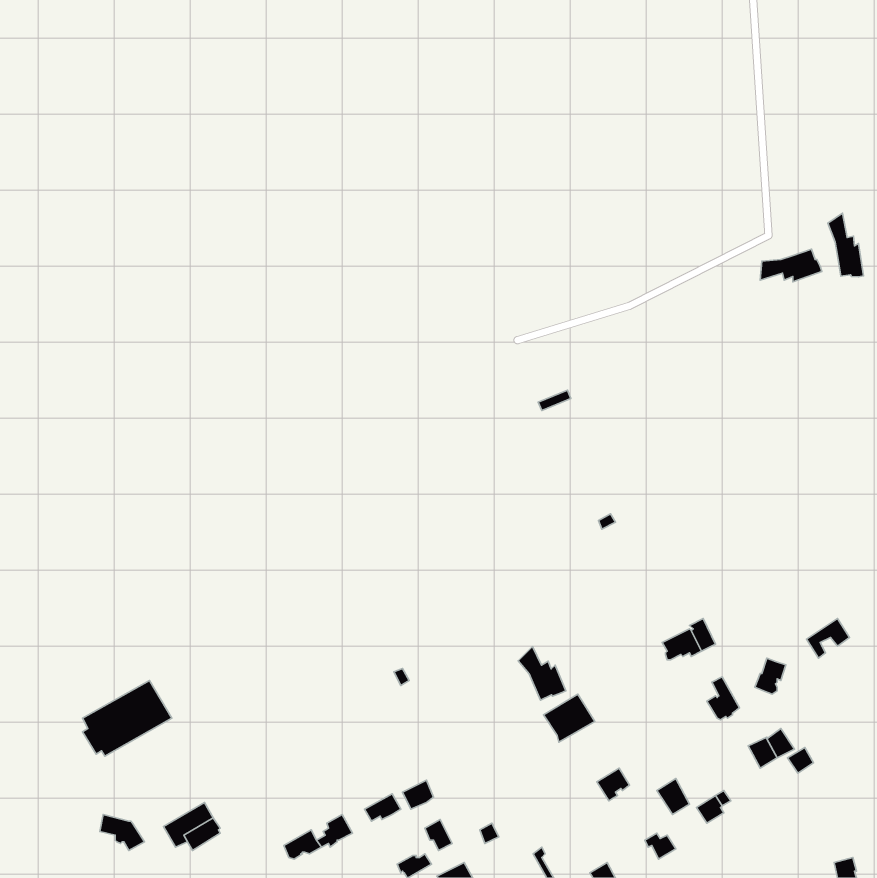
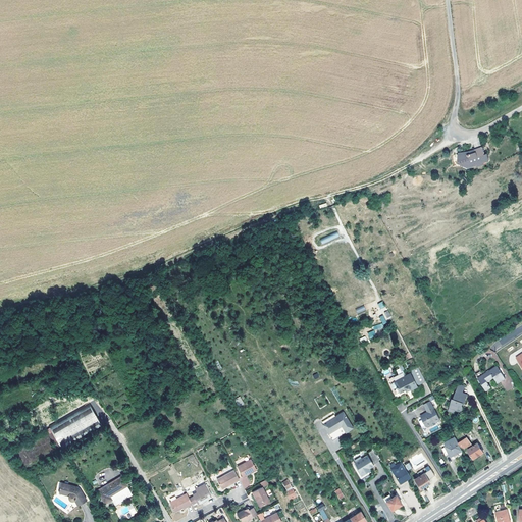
building: [828,213,863,277] -> none
building: [518,646,566,700] -> none

